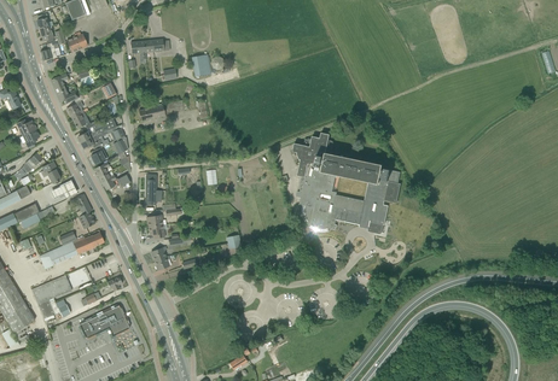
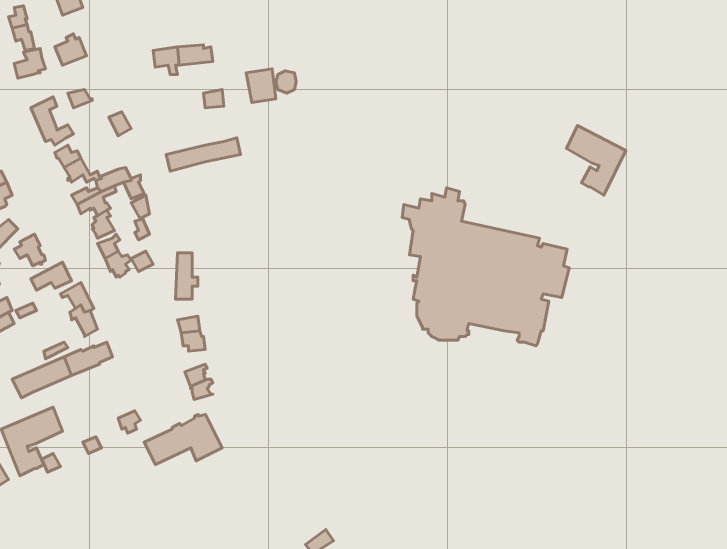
building: none -> [567,125,626,195]
building: [79,305,129,338] -> [144,414,222,465]

